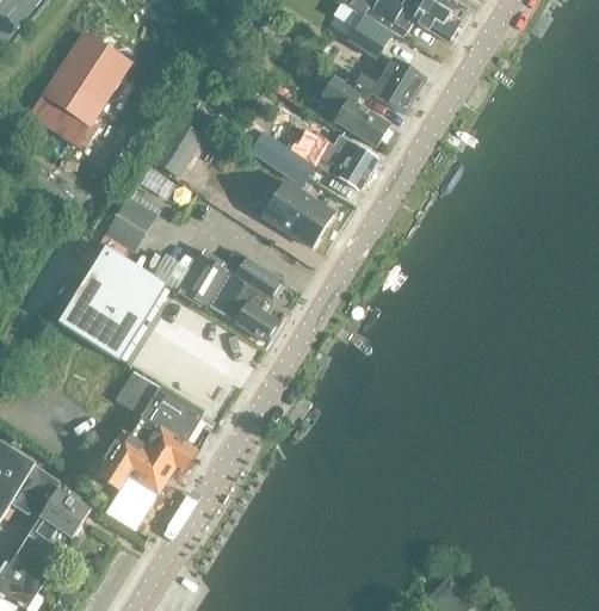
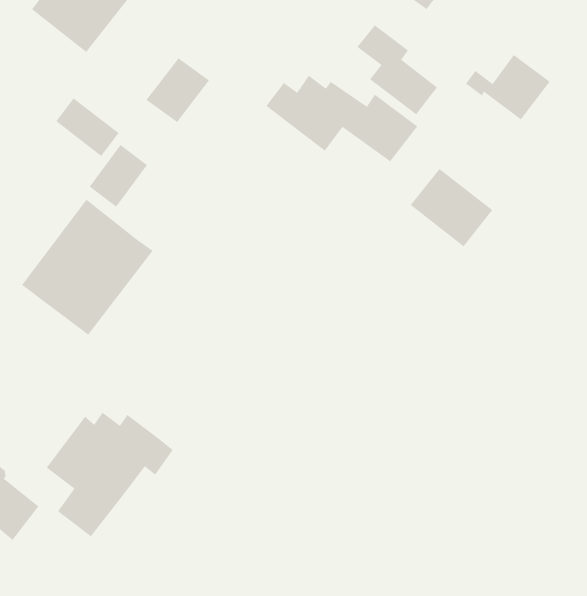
building: [354,57,426,112] -> [465,54,551,120]
building: [29,93,84,141] -> [55,97,119,157]
building: [263,181,333,246] -> [410,168,493,247]
building: [152,249,282,340] -> none
building: [115,370,205,443] -> none

